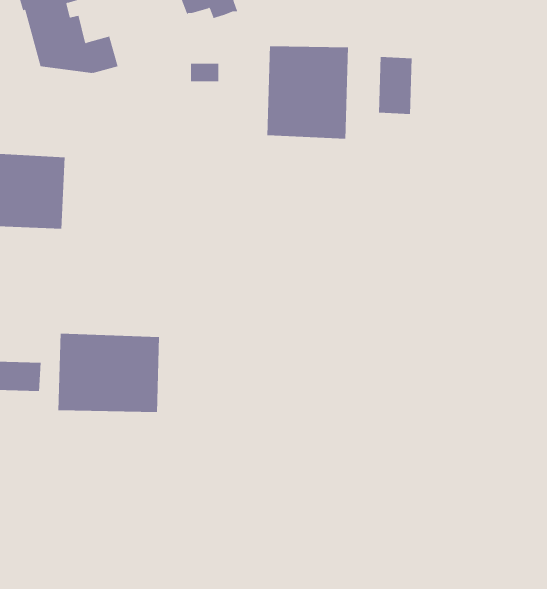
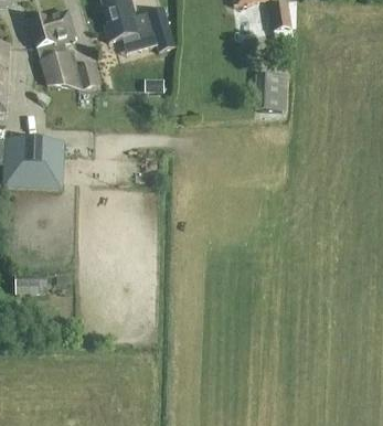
building: [267,46,348,139] -> none
building: [58,333,160,413] -> none

